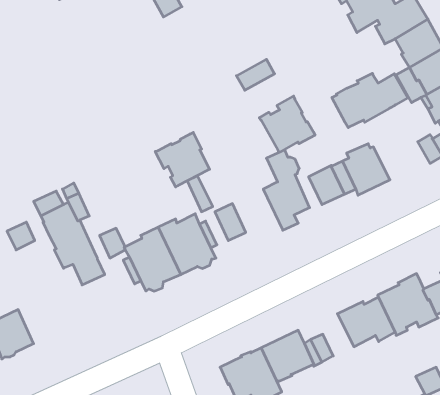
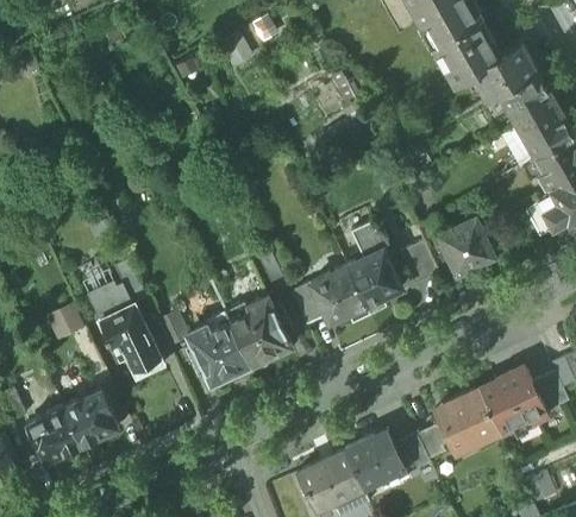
building: [332,73,408,128] -> none
building: [259,96,315,152] -> none
building: [155,132,210,187] -> none
building: none -> [312,267,370,323]
building: none -> [64,389,119,446]
building: none -> [417,425,450,460]

